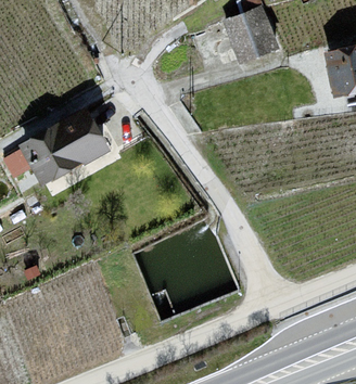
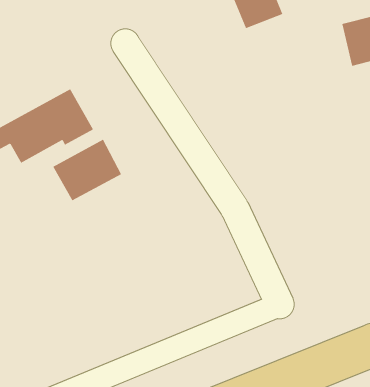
building: none -> [53,139,122,201]

